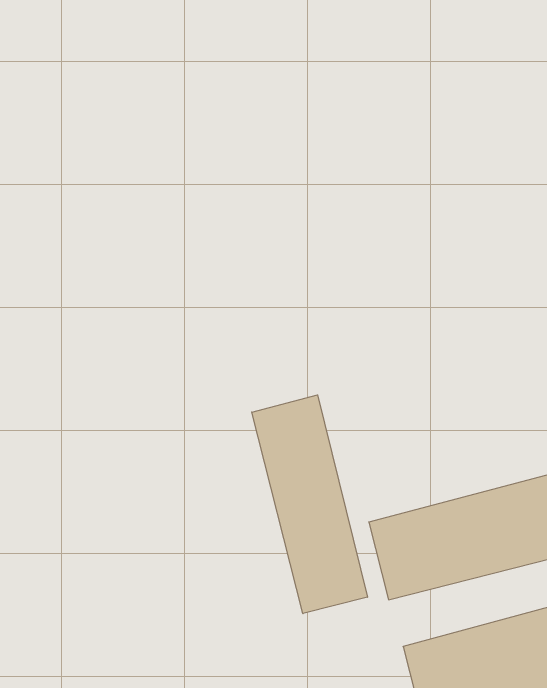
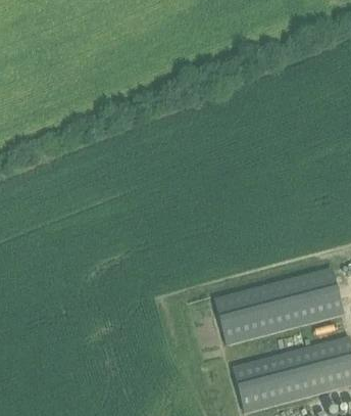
building: [252,395,367,614] -> none

